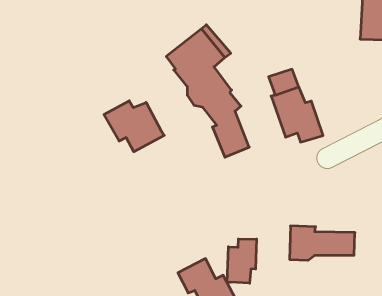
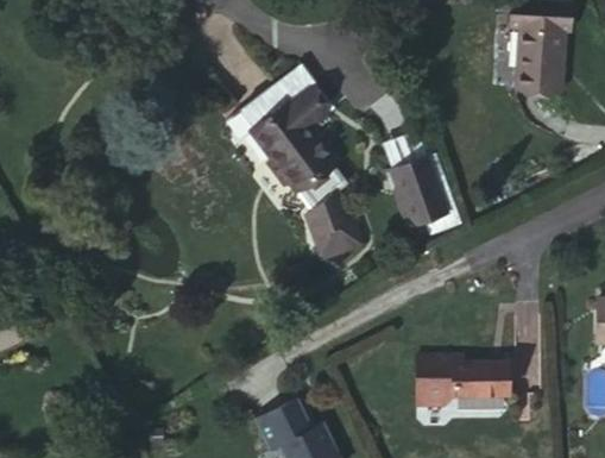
building: [104,101,164,152] -> none
building: [227,239,257,283] -> none

